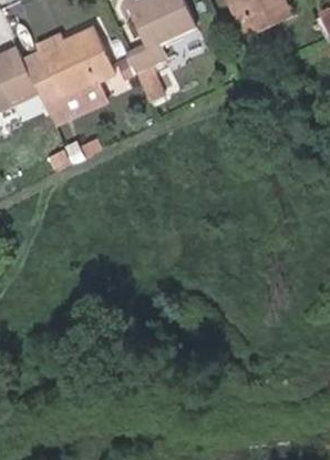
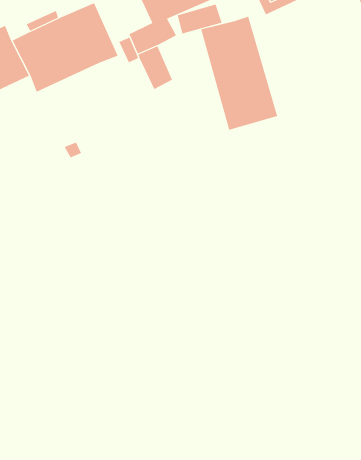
building: none -> [200,16,278,130]
building: [43,80,107,125] -> none

